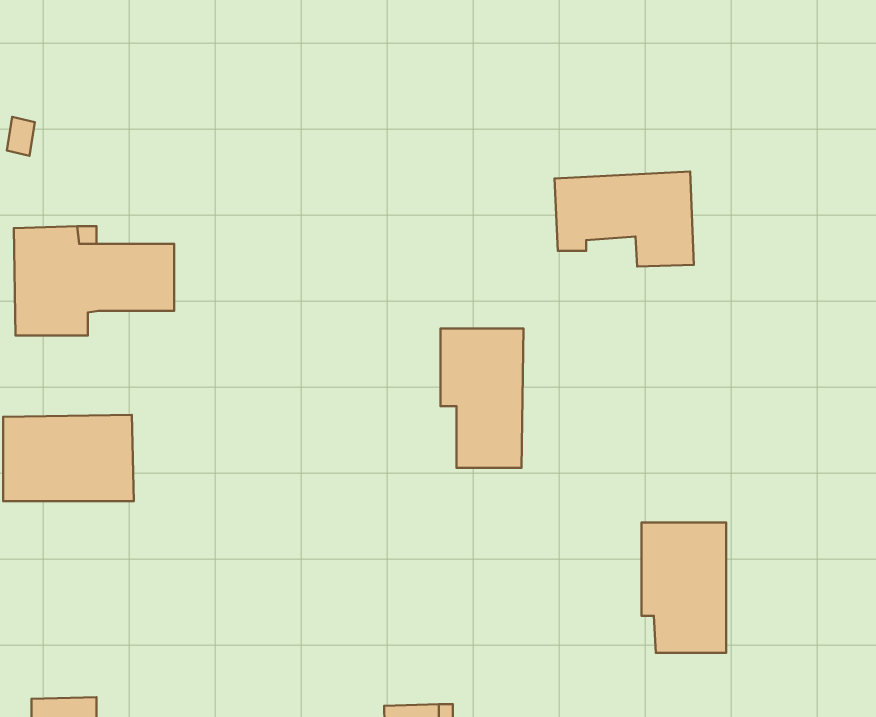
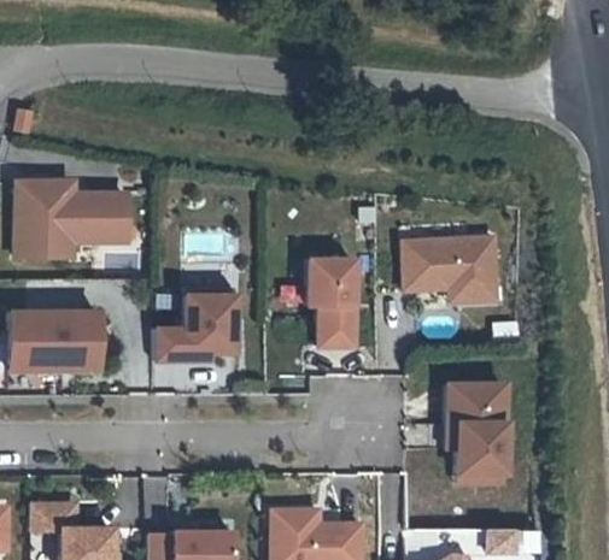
building: [554,171,694,267] -> [402,237,497,302]
building: none -> [158,288,242,360]

